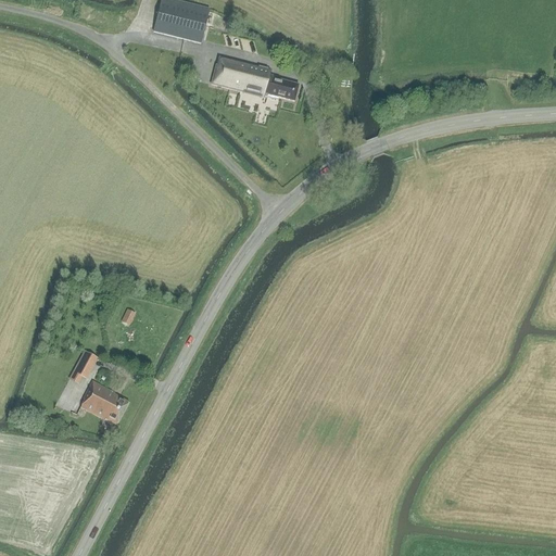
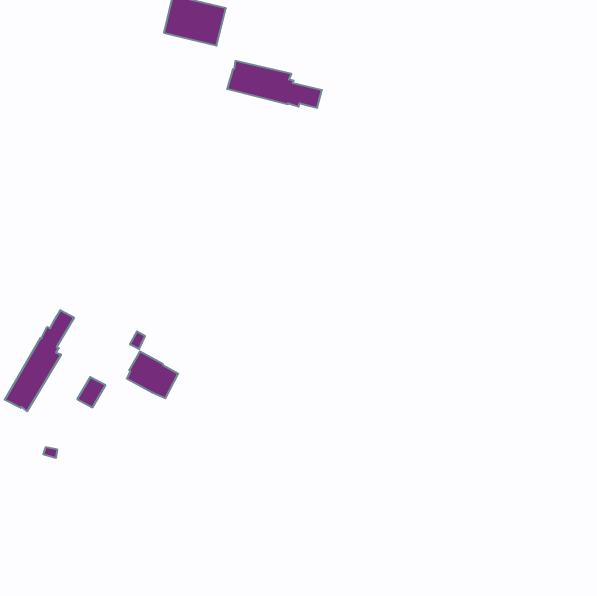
building: none -> [5,310,74,411]
building: [81,380,129,424] -> [127,351,178,398]

